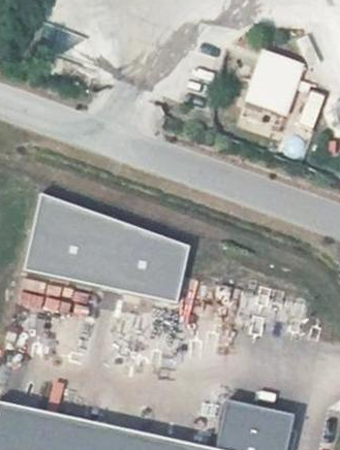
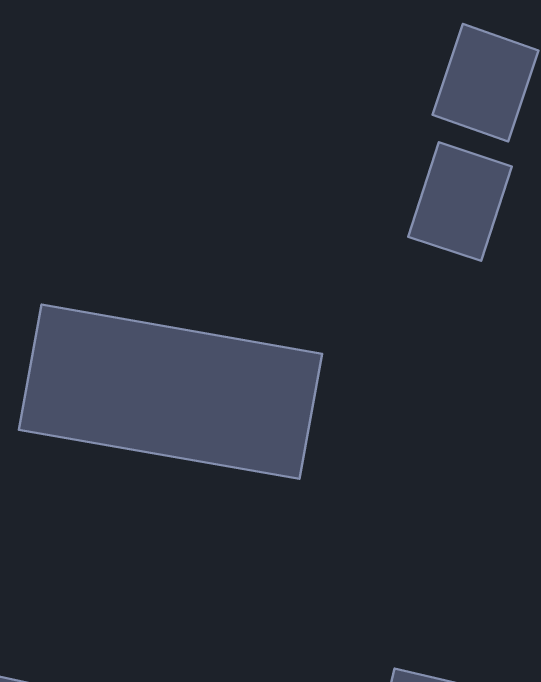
building: none -> [408,142,512,261]

